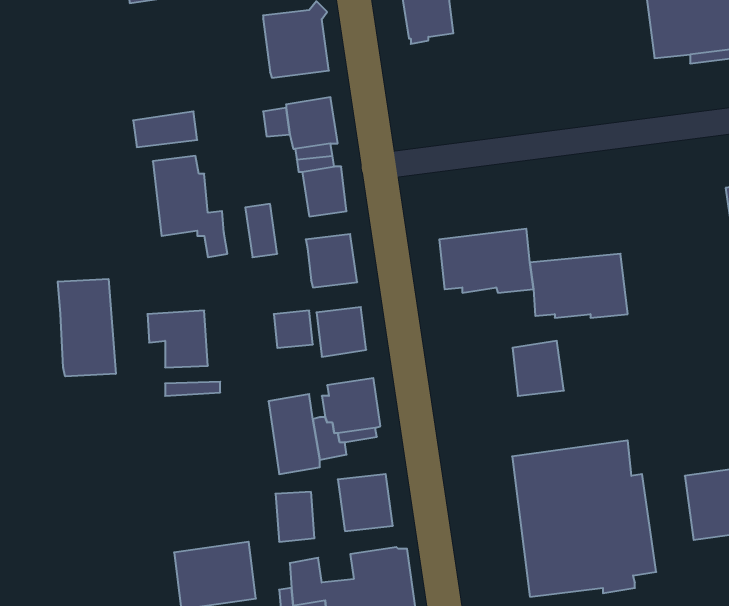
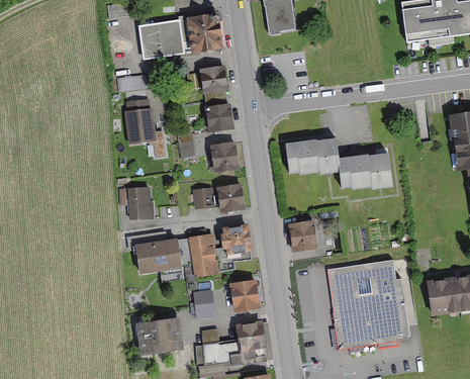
building: none -> [137,20,190,60]
building: [58,279,116,376] -> none
building: [512,341,564,396] -> [288,220,317,252]
building: none -> [135,240,182,273]

